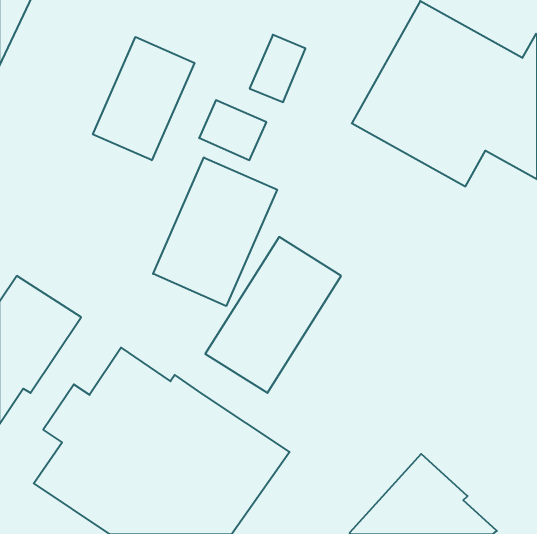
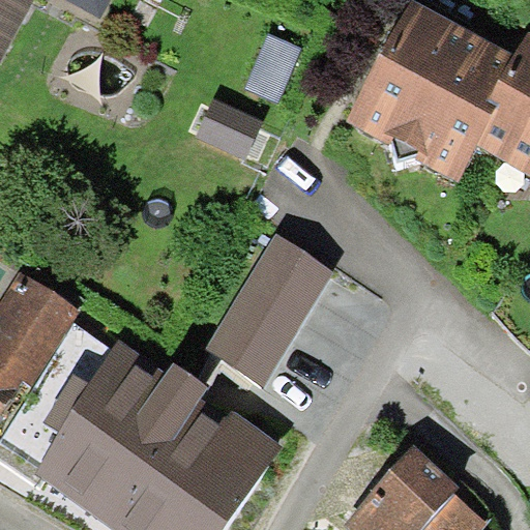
building: [93,37,194,160] -> none
building: [153,157,277,306] -> none

